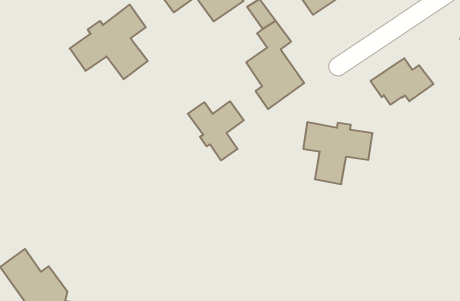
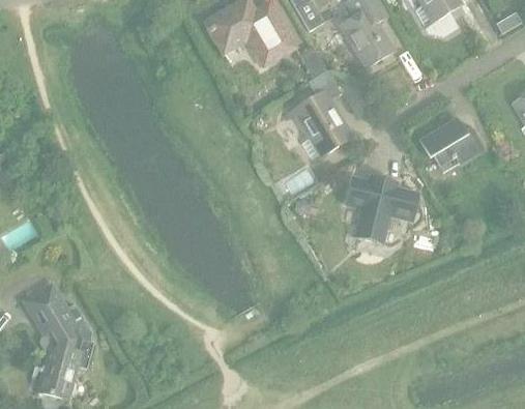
building: [70,5,148,79] -> none
building: [188,101,244,160] -> none

